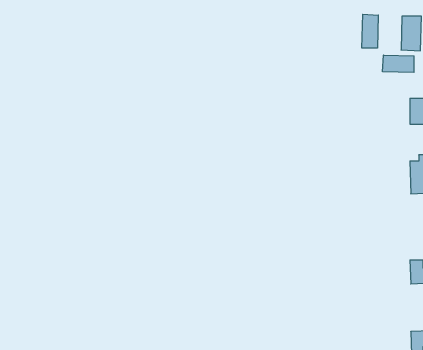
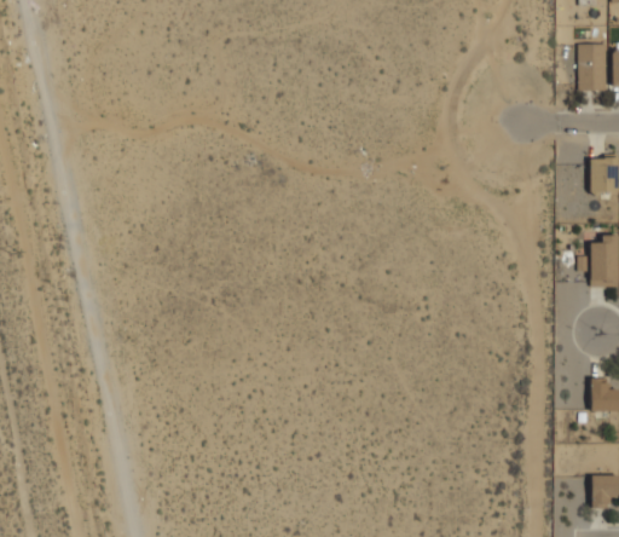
building: [362,14,378,48] -> none
building: [383,55,414,72] -> none

